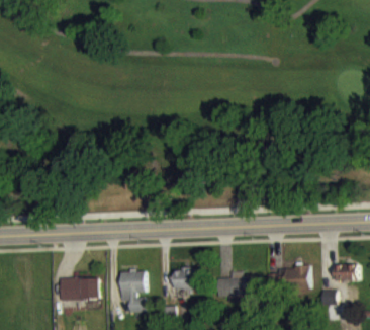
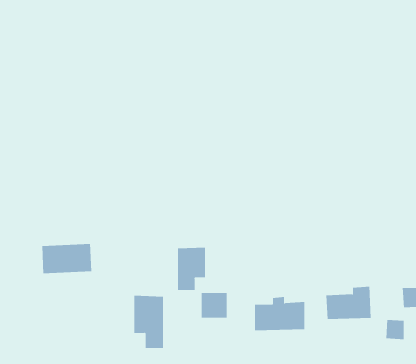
building: none -> [178,247,206,291]
building: [59,276,99,301] -> [41,243,92,274]

